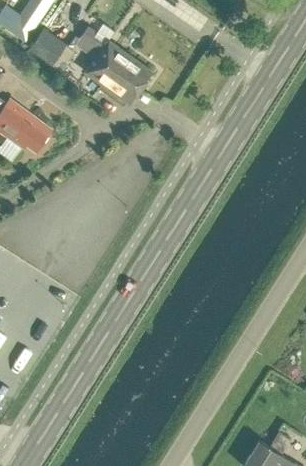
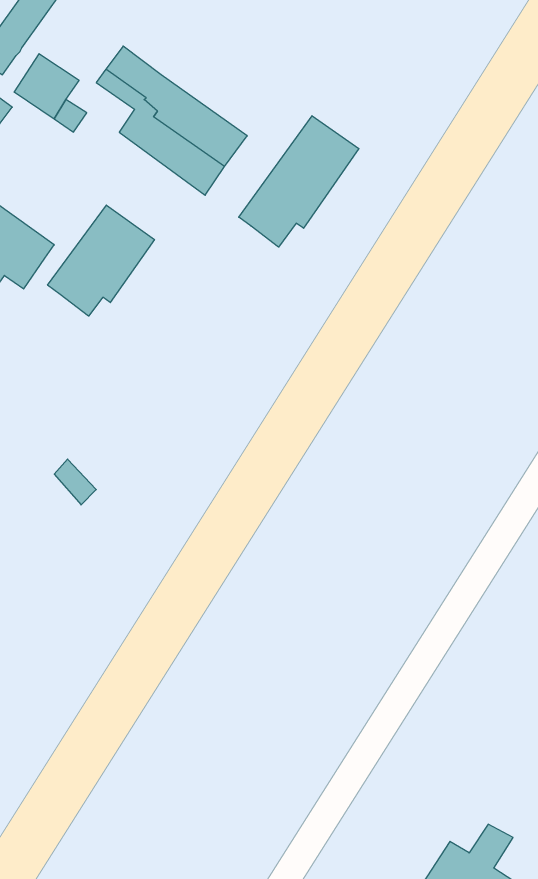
building: none -> [239,116,359,247]
building: none -> [48,205,154,316]

